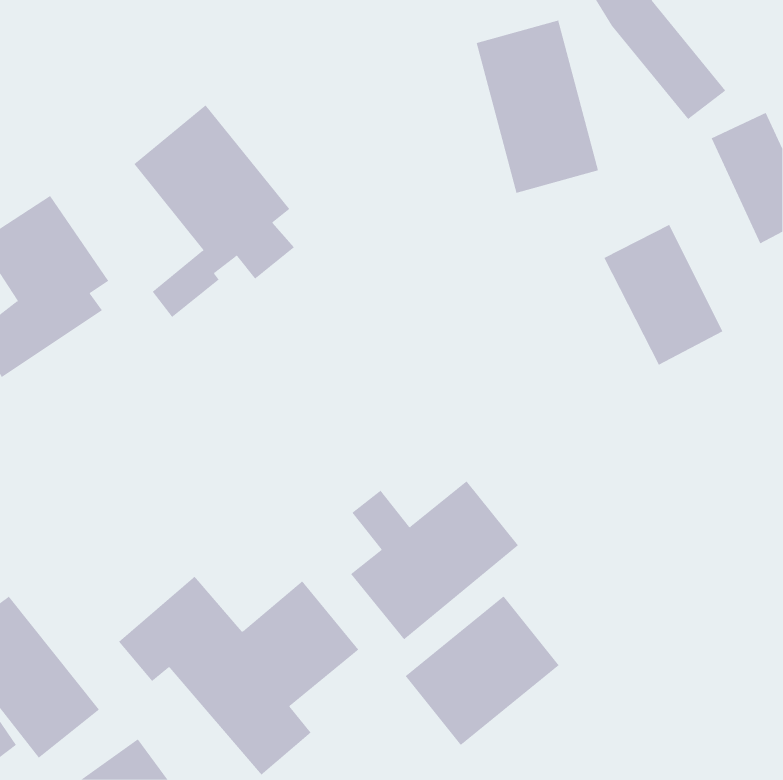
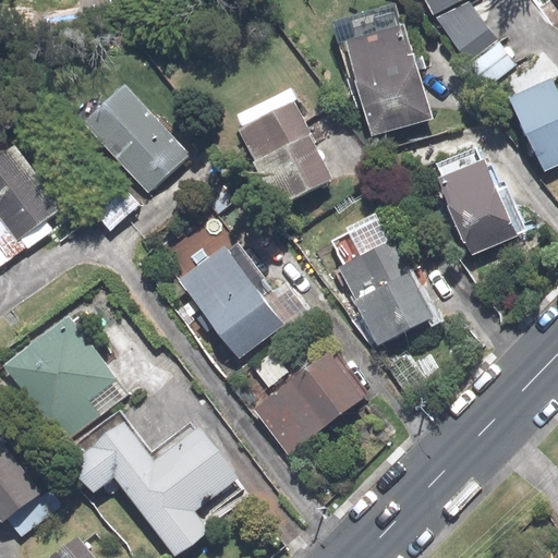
building: none -> [231,96,328,213]
building: none -> [323,215,430,348]
building: none -> [169,240,286,364]
building: none -> [14,310,135,434]
building: [405,596,559,746] -> none

